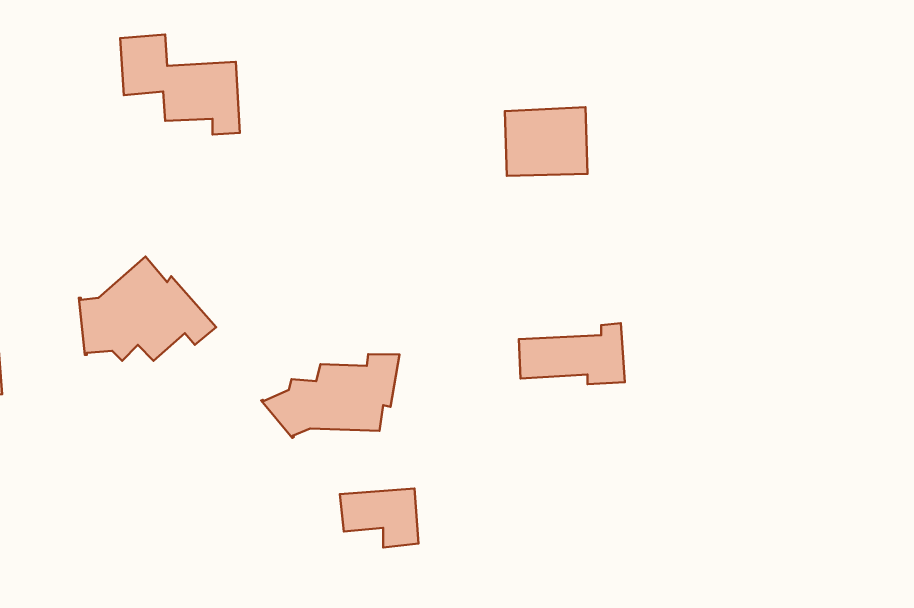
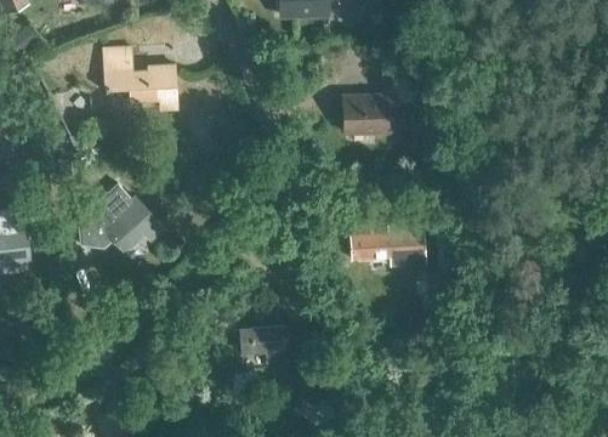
building: [261,354,399,438] -> none

